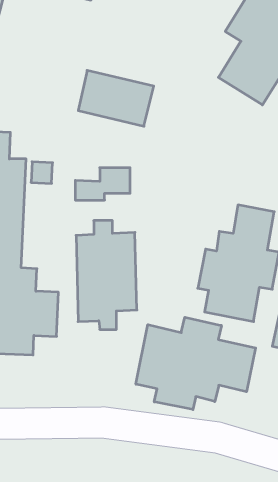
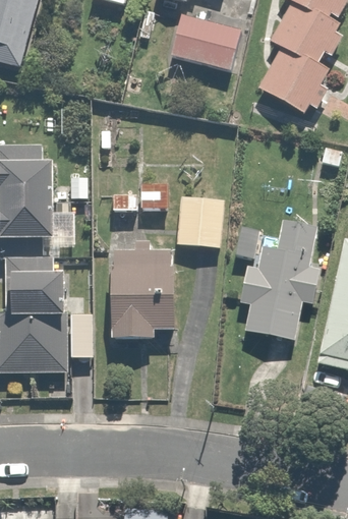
building: [78,70,154,126] -> [166,14,244,72]
building: none -> [174,193,225,247]
building: [136,317,256,410] -> none

